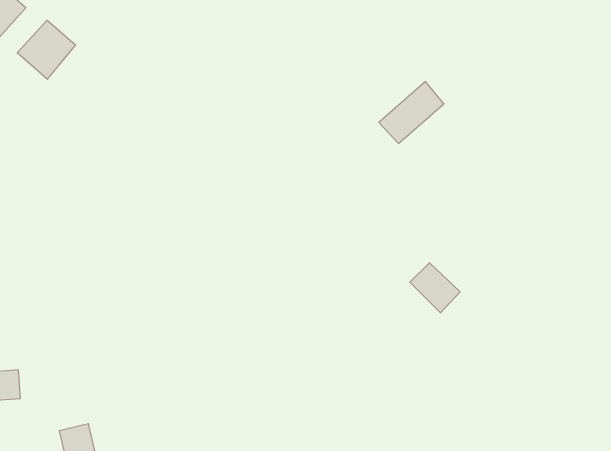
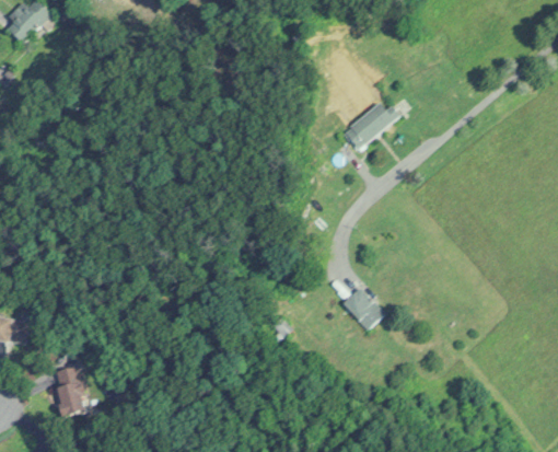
building: [17,20,76,79] -> none
building: [410,263,460,313] -> [344,287,385,329]

